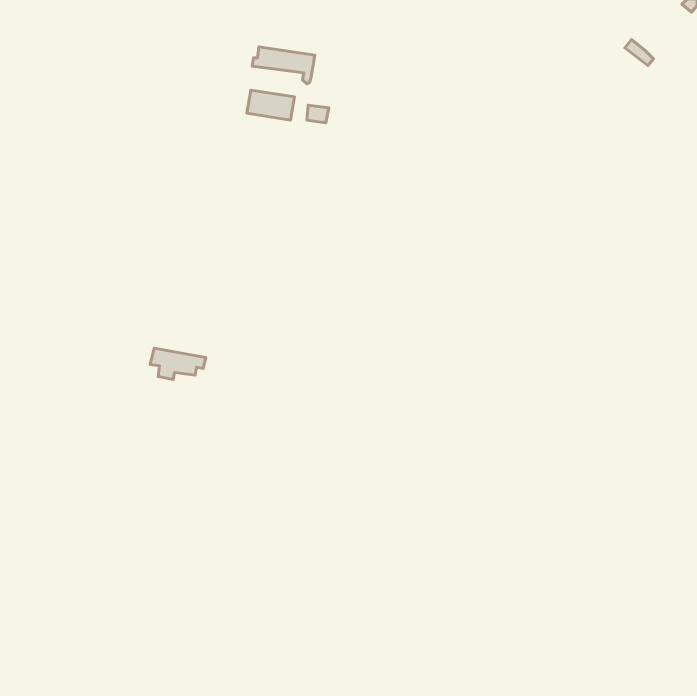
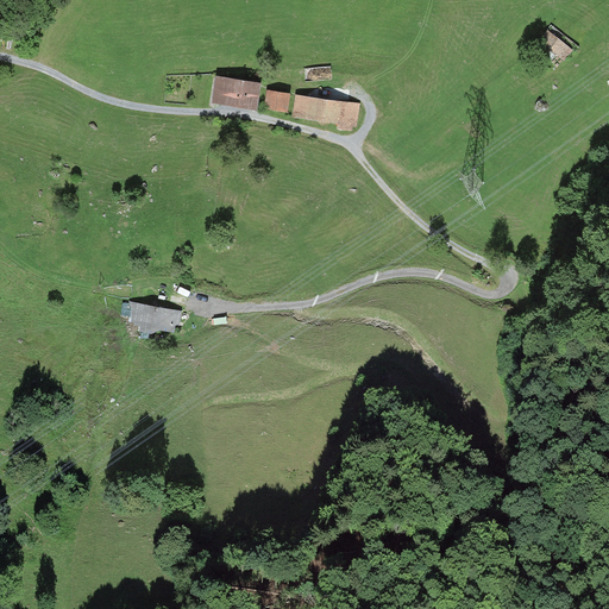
building: [252,47,315,84] -> [294,96,349,128]

